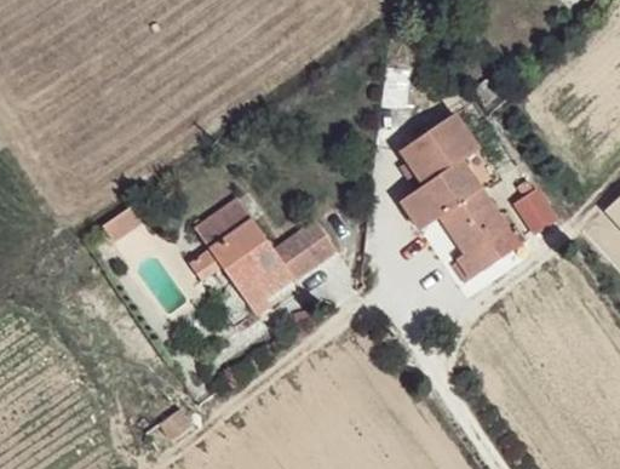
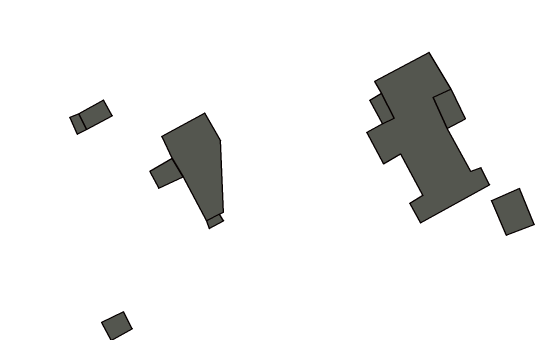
building: [512,188,558,236] -> [491,189,534,235]
building: [254,222,337,297] -> none

